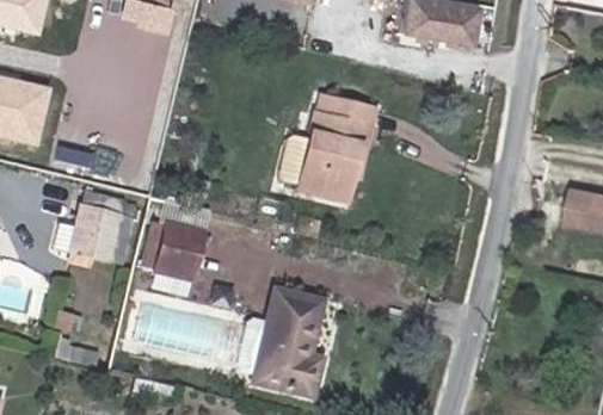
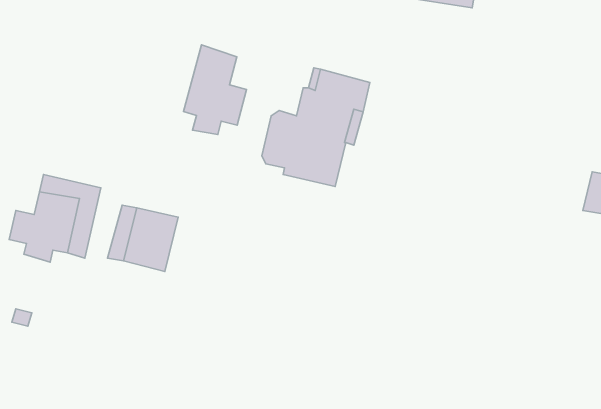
building: none -> [183,45,247,134]
building: [257,292,322,394] -> none

